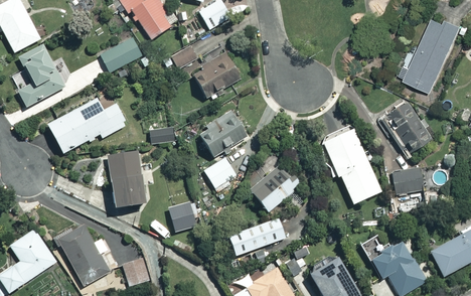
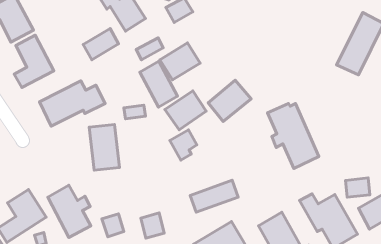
building: none -> [140,61,177,107]
building: [380,102,431,151] -> none
building: [250,162,301,211] -> [208,80,251,121]
building: [392,170,422,193] -> [346,178,370,197]
building: [169,201,197,232] -> [141,213,164,238]

